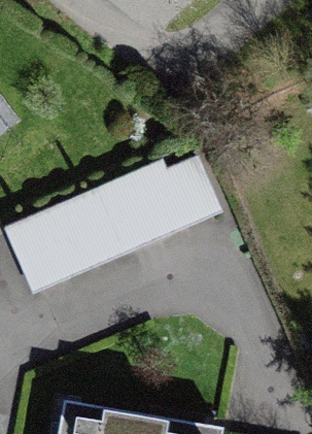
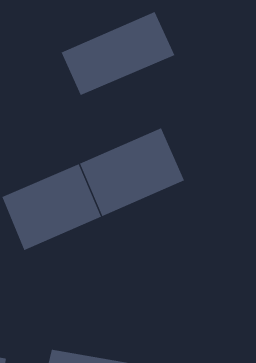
building: none -> [61,11,175,96]

